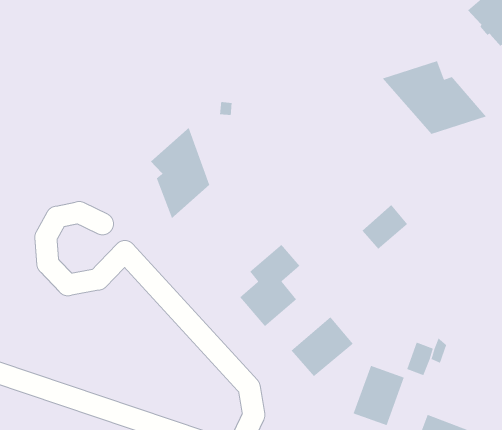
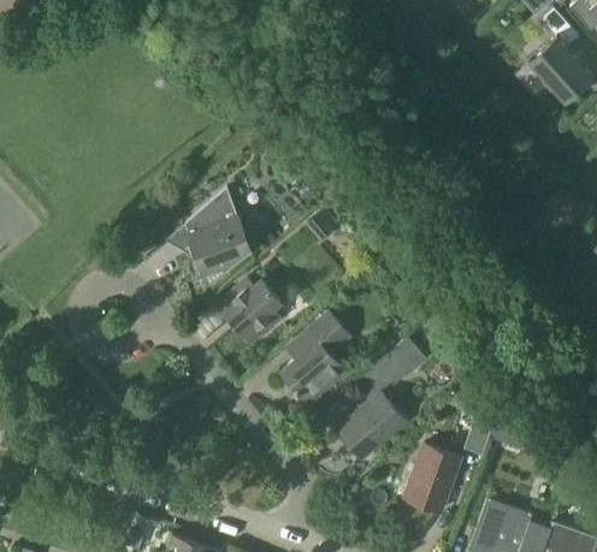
building: [382,60,487,135] -> none
building: [361,204,408,250] -> [374,338,425,387]
building: none -> [218,281,279,343]

